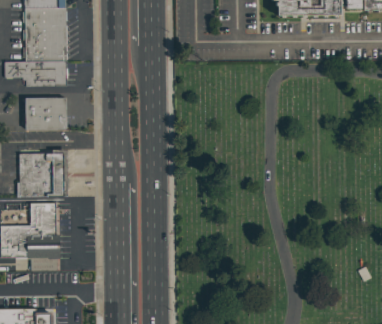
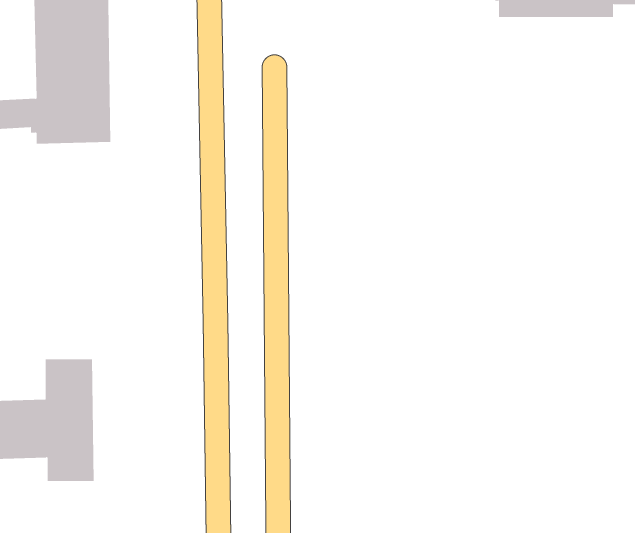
building: [28,97,66,129] -> none
building: [26,155,54,195] -> none

